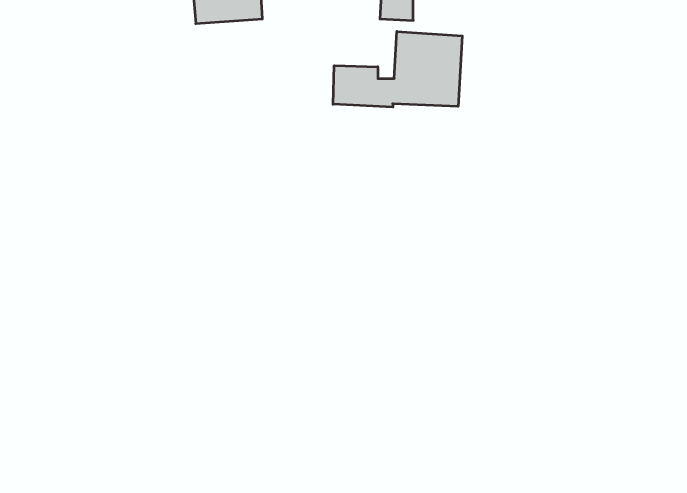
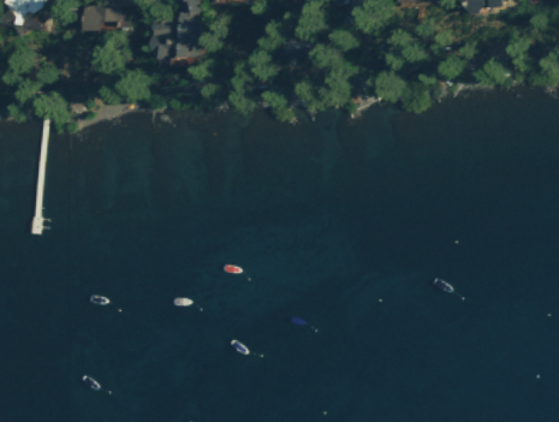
building: [333,31,462,107] -> none

